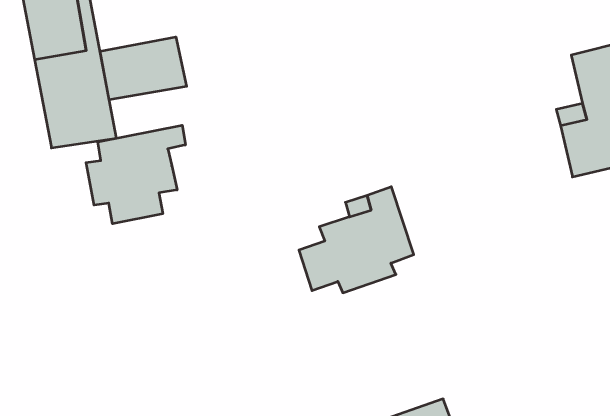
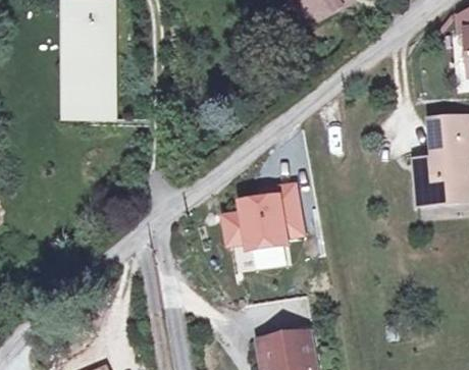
building: [100,37,187,100] -> none
building: [86,125,185,224] -> none

